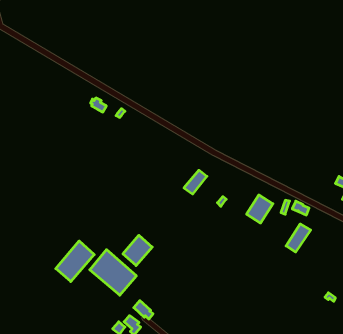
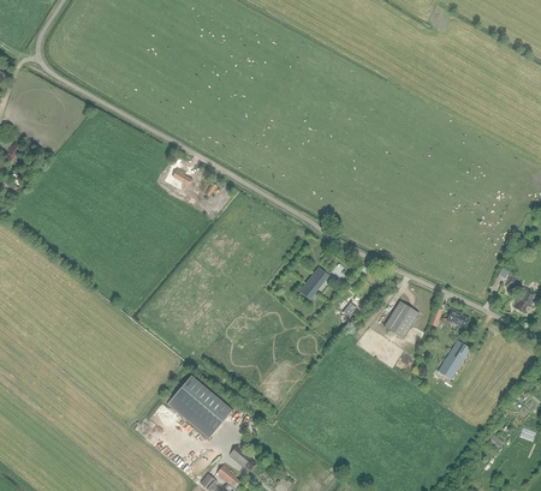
building: [123,235,152,266] -> none
building: [56,241,94,282] -> none

